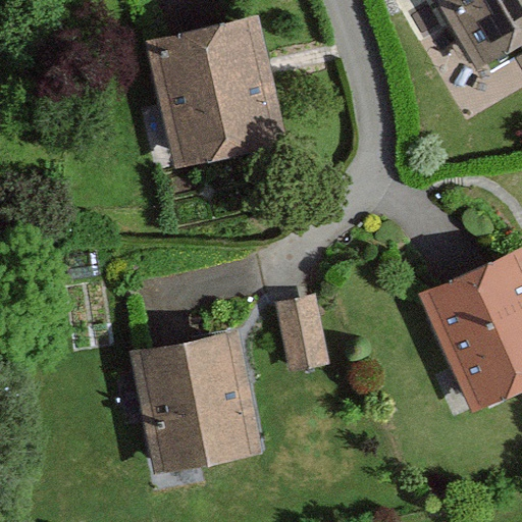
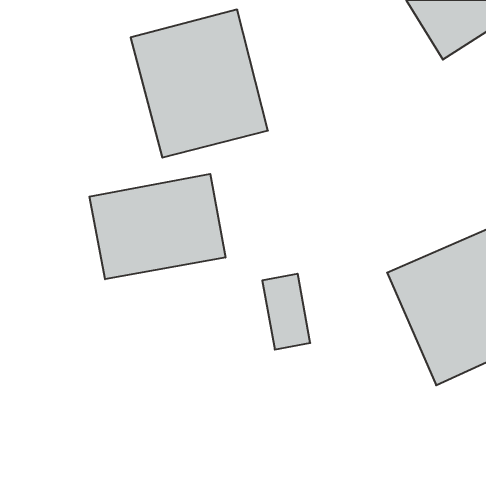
building: none -> [89,174,225,279]
building: [132,331,261,474] -> none

